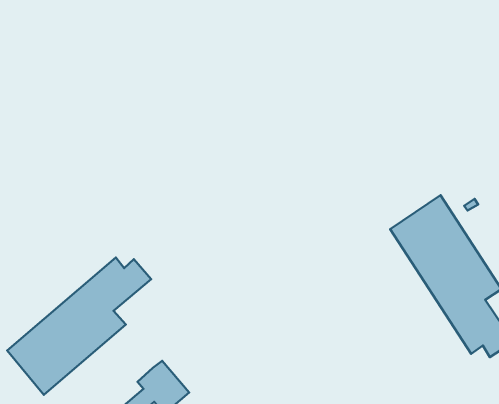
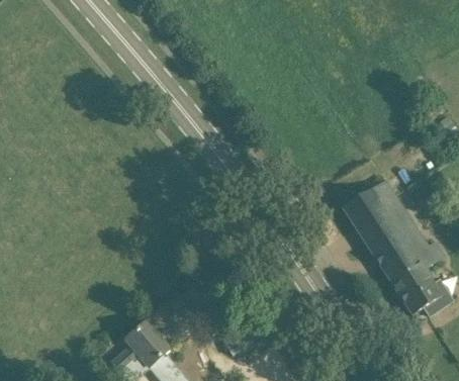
building: [7,258,151,395] -> none

